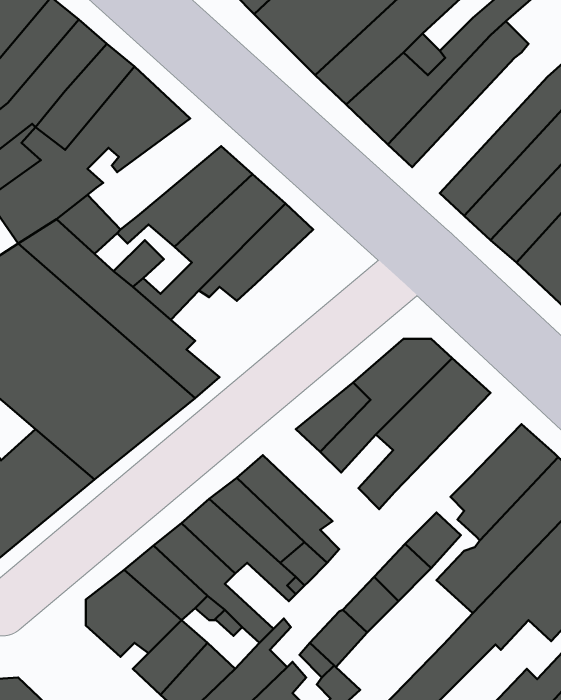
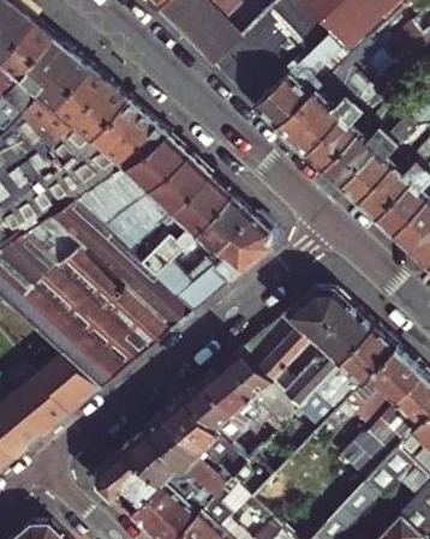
building: none -> [319,90,413,187]
building: none -> [101,136,187,203]
building: none -> [153,212,269,315]
building: none -> [307,325,395,407]
building: none -> [216,351,297,426]

